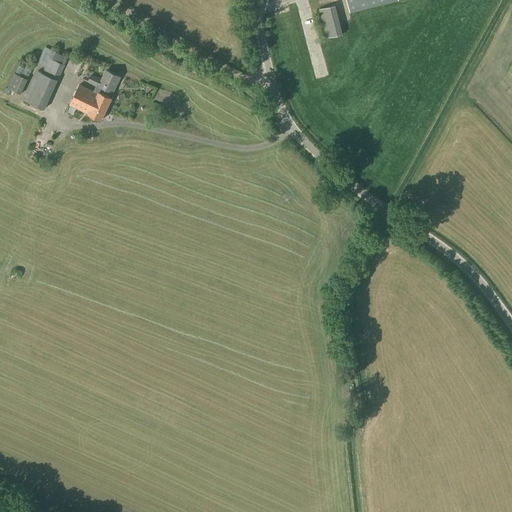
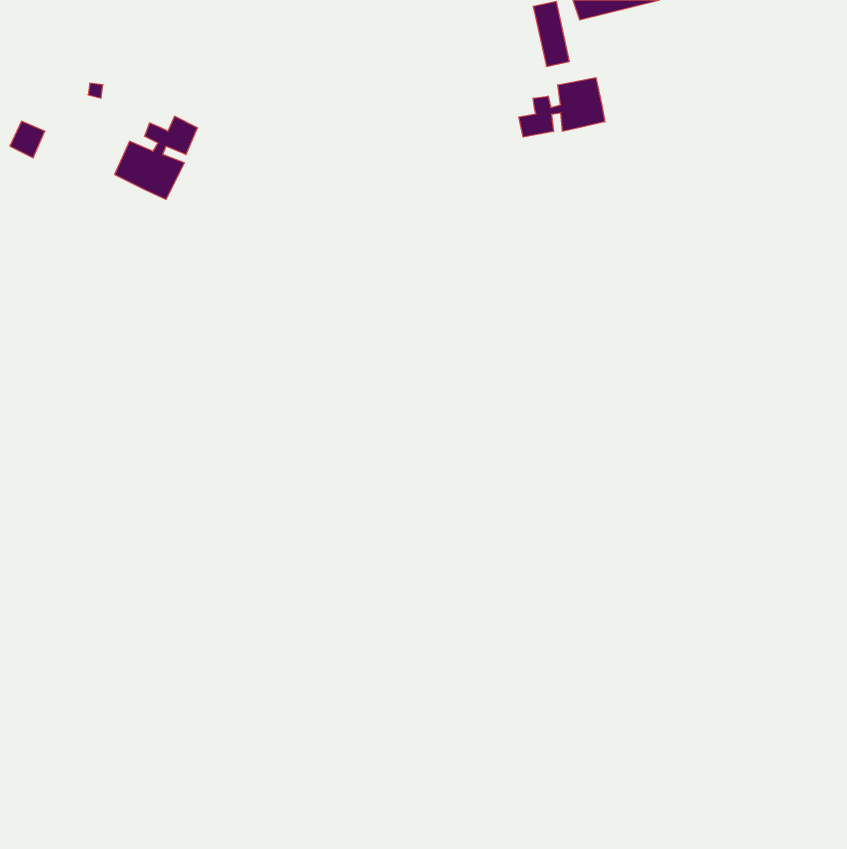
building: none -> [519,78,605,137]
building: [21,48,64,109] -> none

